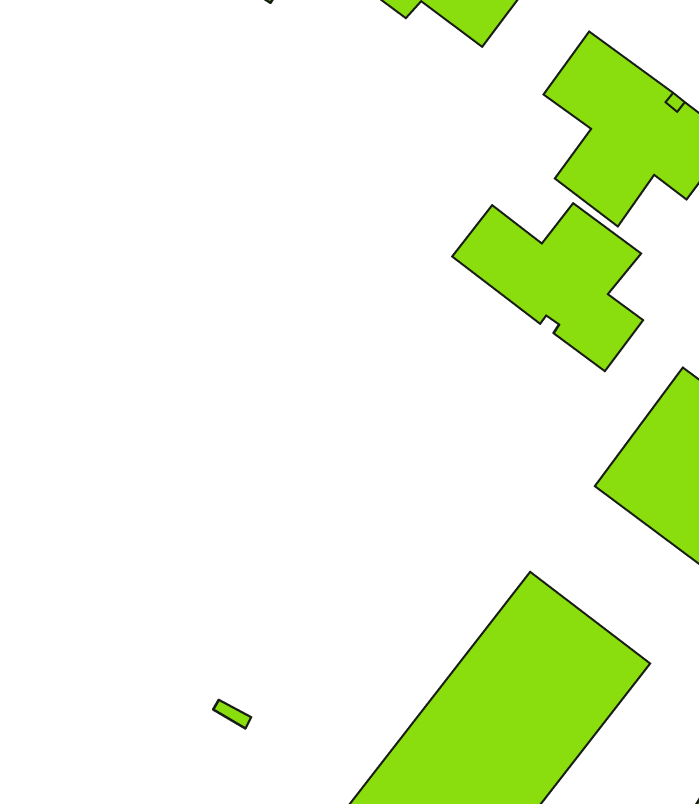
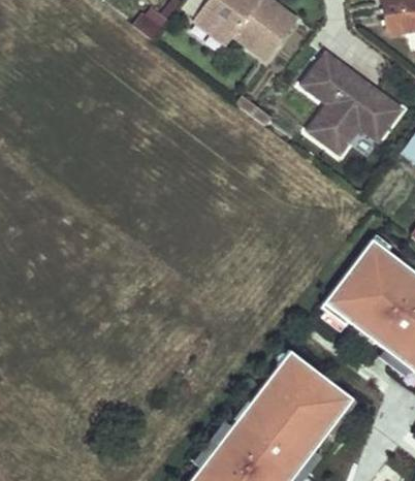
building: [452,203,643,371] -> none

